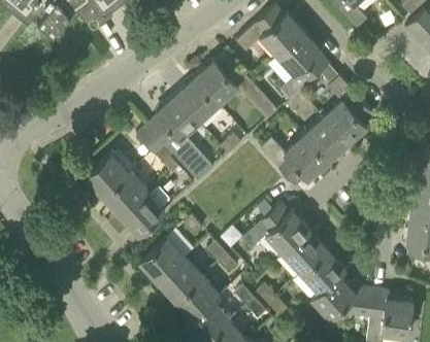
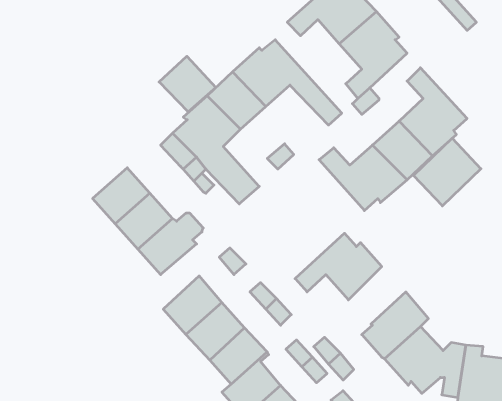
building: none -> [159,56,216,112]
building: none -> [413,138,481,206]
building: [284,231,328,275] -> none

